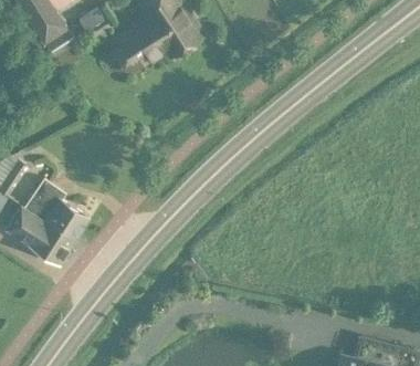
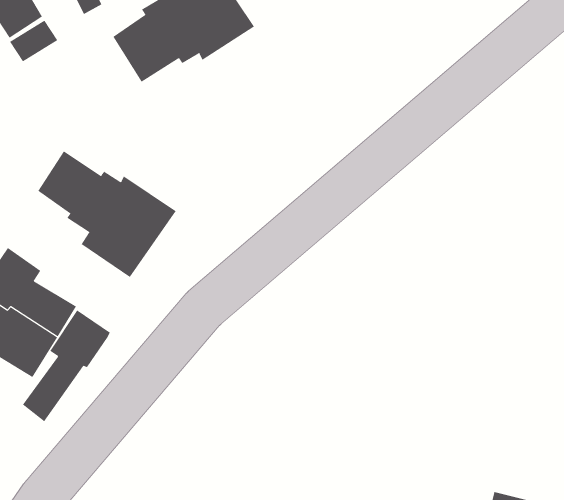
building: none -> [37,151,176,278]
building: none -> [22,309,111,422]

